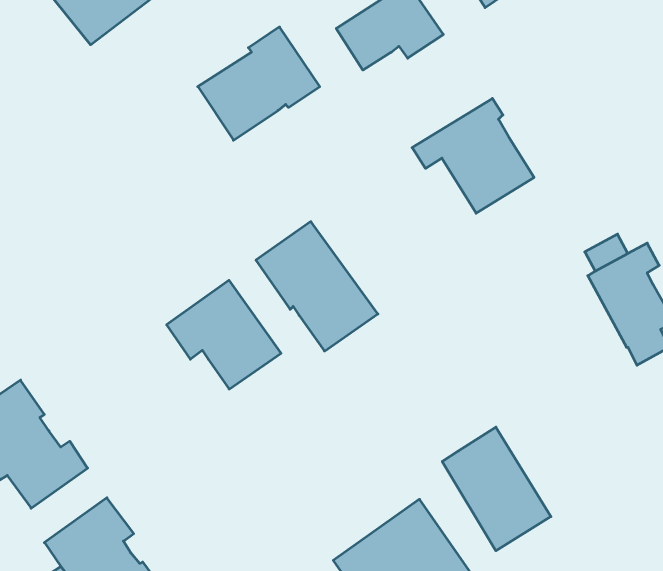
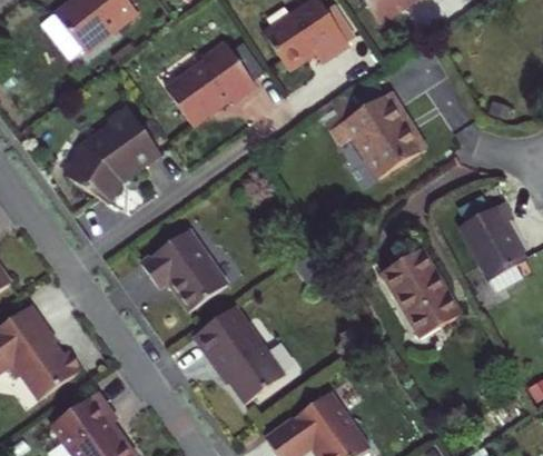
building: none -> [62,109,160,207]
building: [256,222,378,351] -> [194,306,285,403]
building: [442,427,551,551] -> [378,245,460,337]

